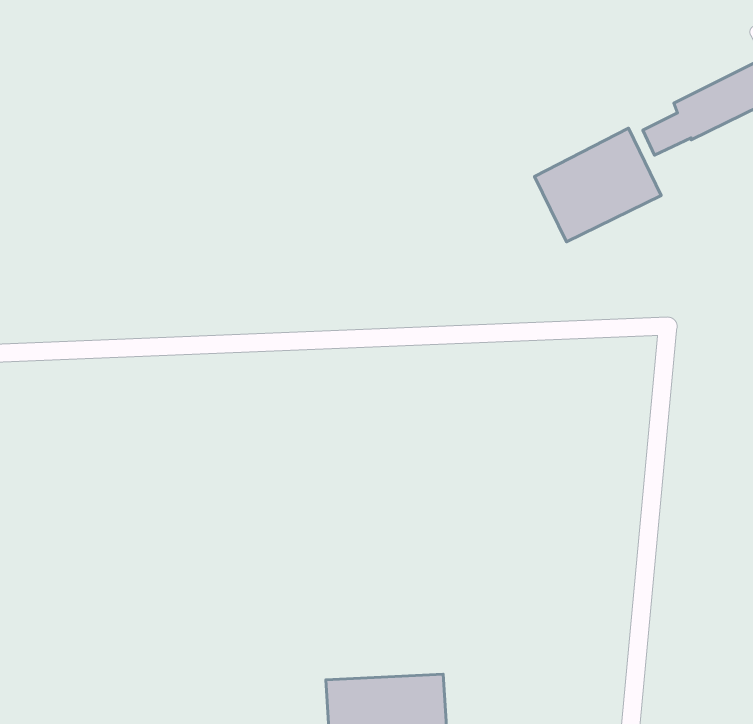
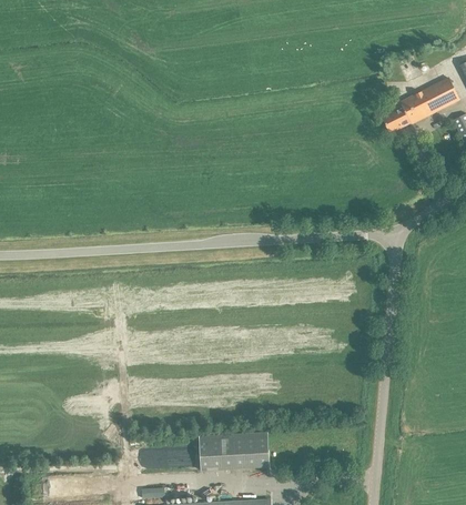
building: [535,128,661,242] -> none

